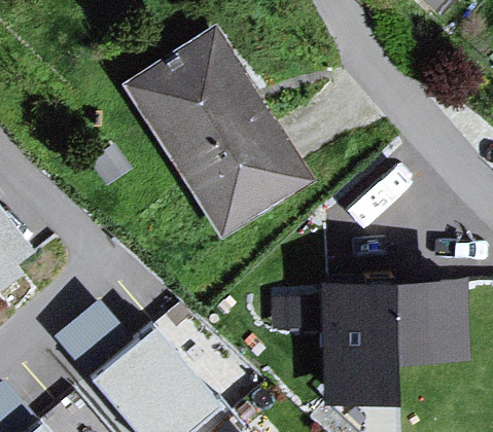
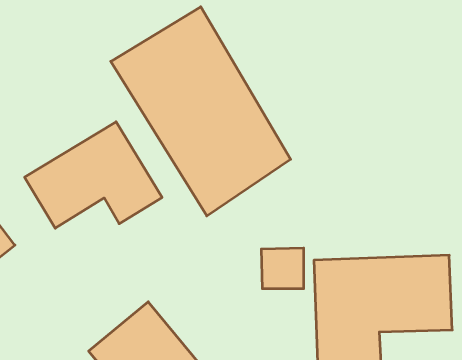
building: none -> [25,122,162,228]

